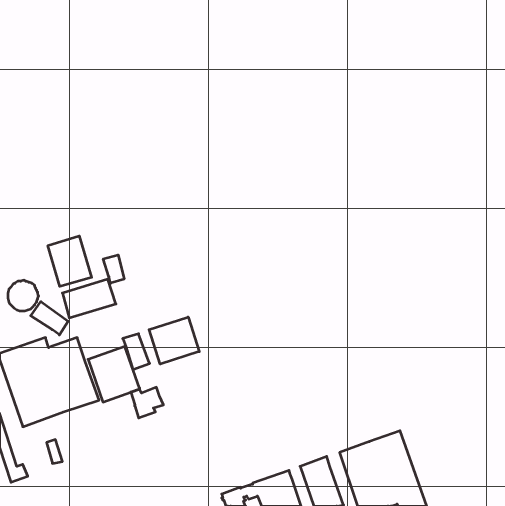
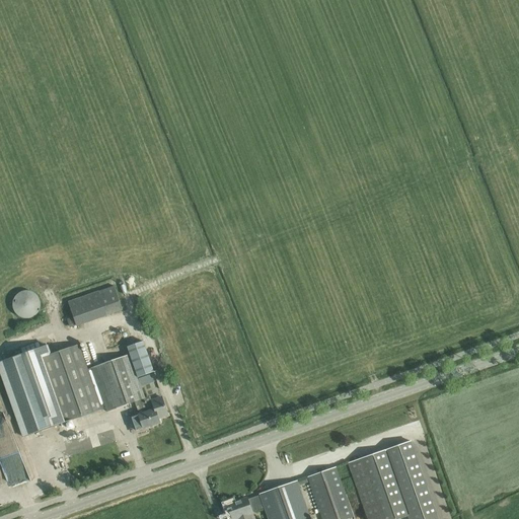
building: [48,236,92,286] -> none
building: [103,255,124,283] -> none
building: [31,302,68,335] -> none
building: [149,317,199,364] -> none

